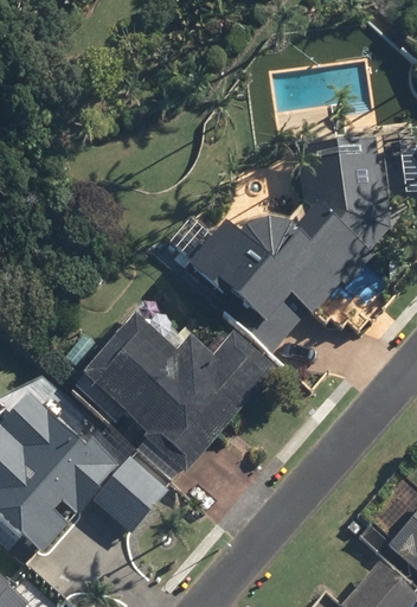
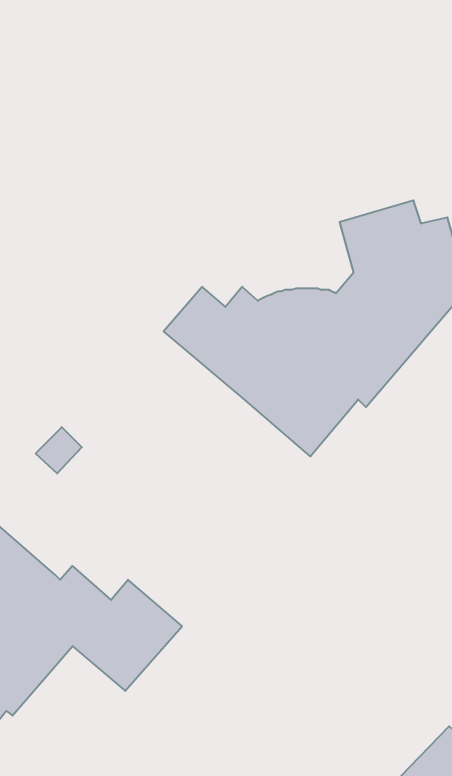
building: [72,313,274,473] -> none

